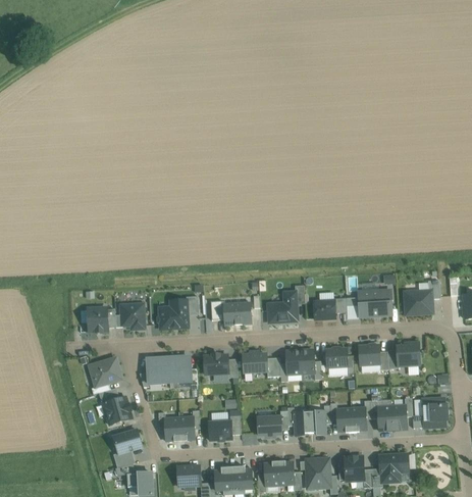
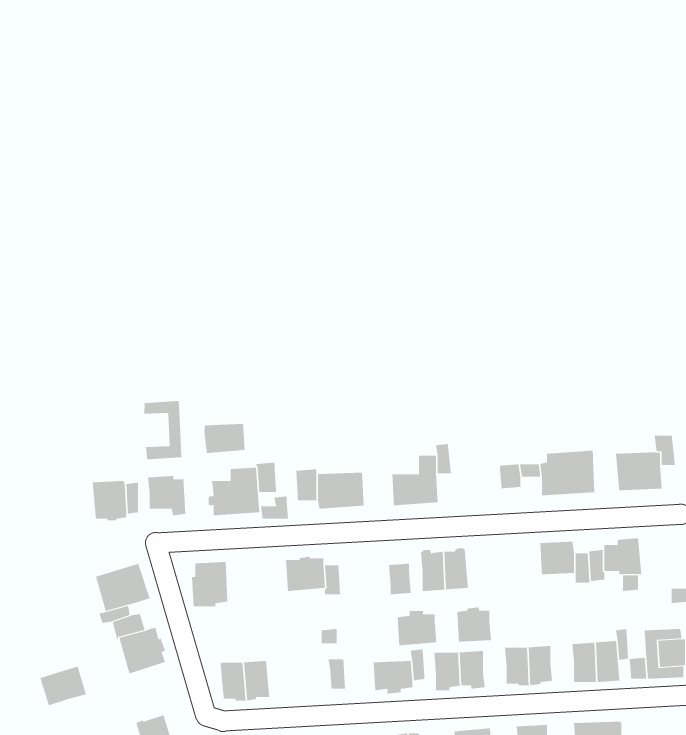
building: none -> [144,400,182,460]
building: none -> [204,423,245,454]
building: [314,300,335,319] -> none
building: [326,346,348,367] -> [457,607,492,642]
building: [243,351,267,372] -> [397,611,437,646]
building: [168,355,191,383] -> none
building: [209,420,231,440] -> none
building: [113,429,142,453] -> [40,666,87,706]

